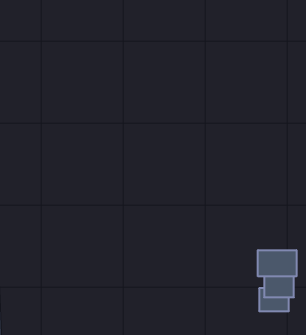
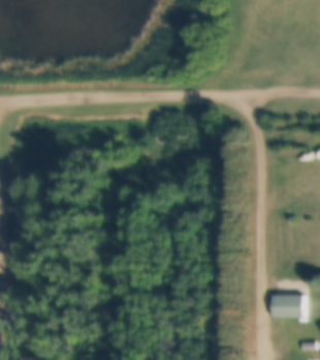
building: [258,250,296,276] -> none

